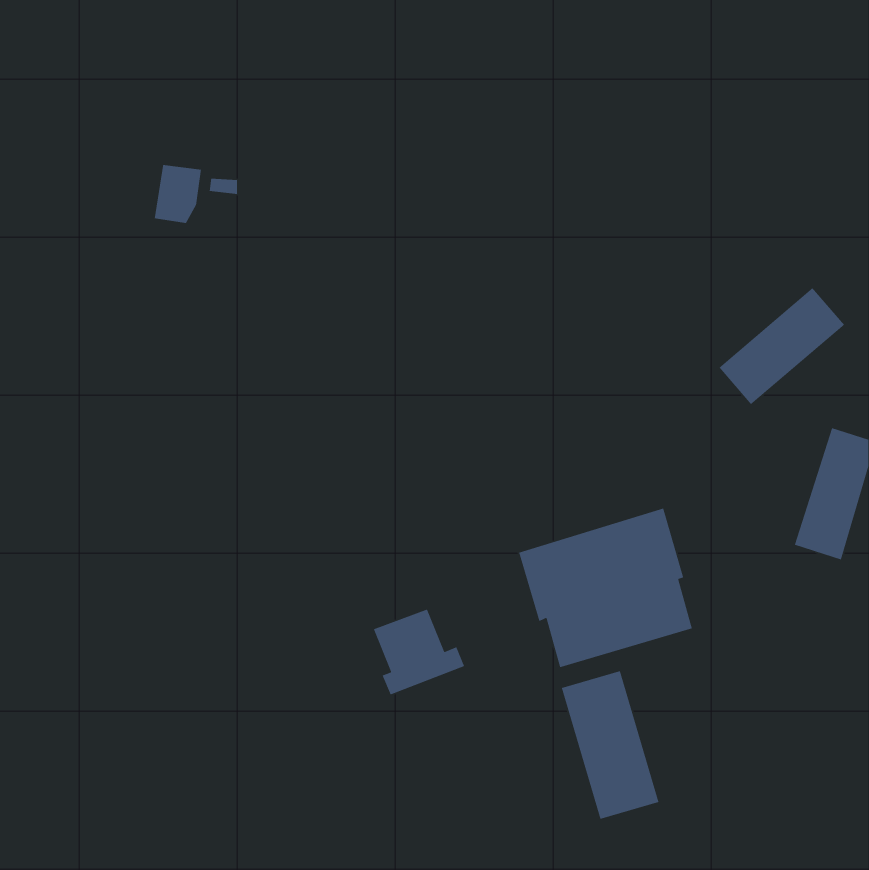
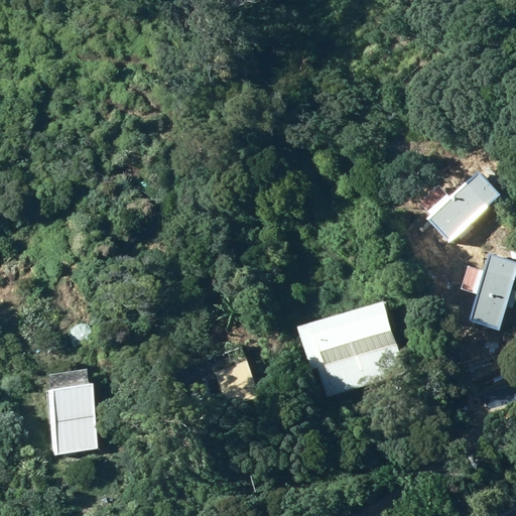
building: none -> [46,383,96,452]
building: [561,670,659,820] -> none

